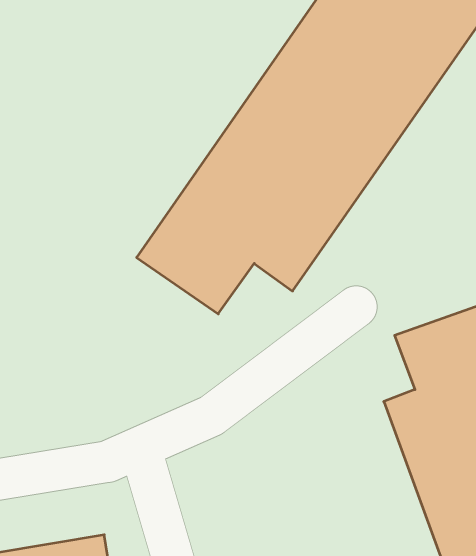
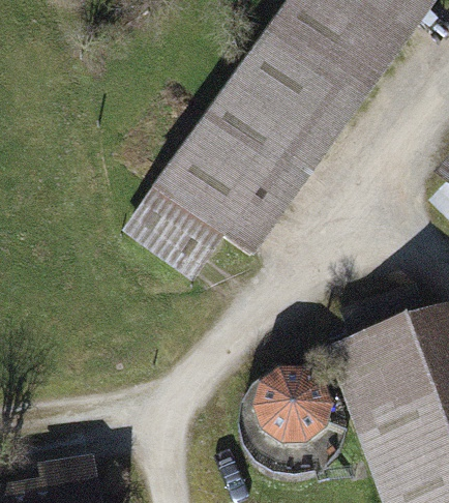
building: none -> [242,354,338,450]

